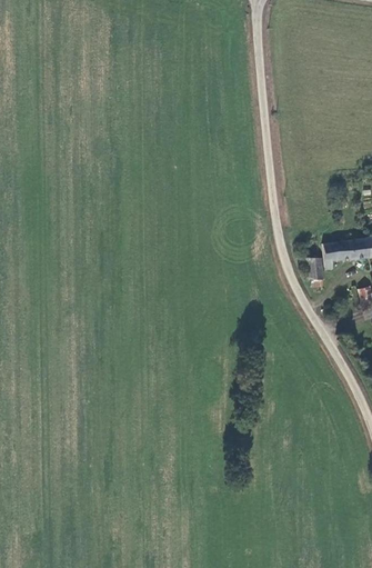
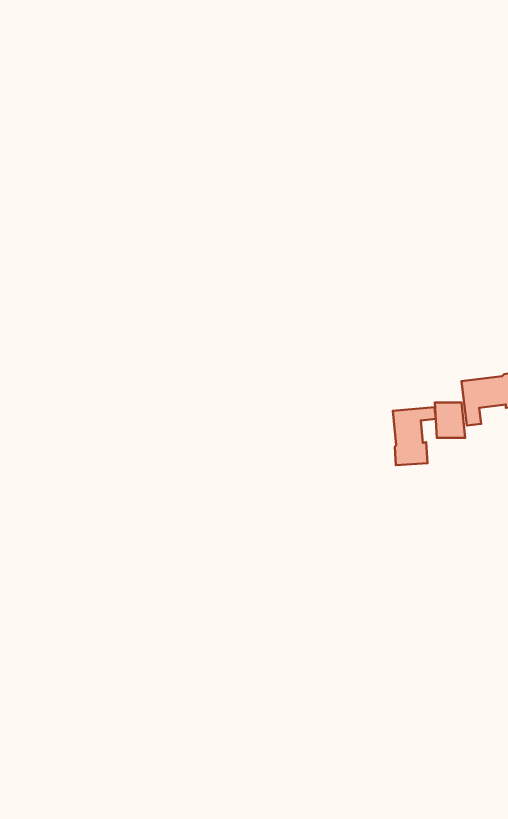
building: none -> [393,407,436,465]

